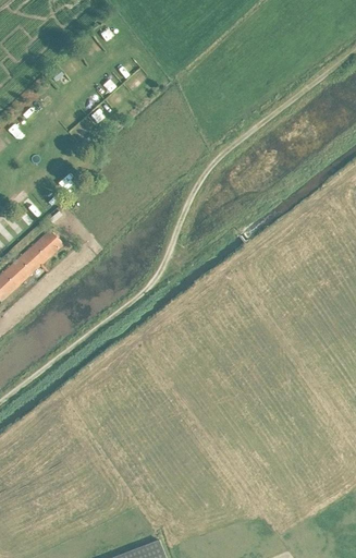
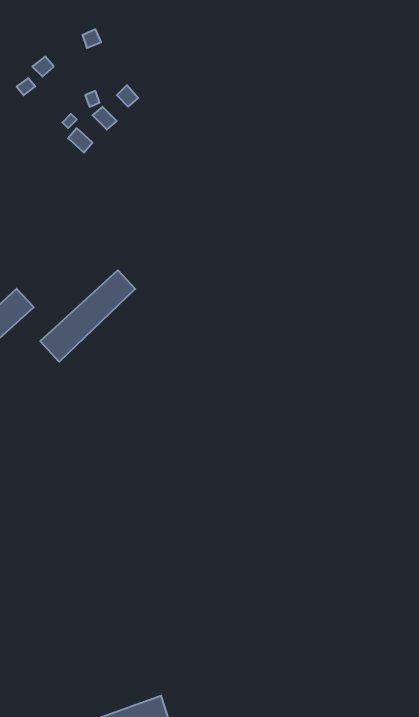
building: none -> [40,270,135,362]

